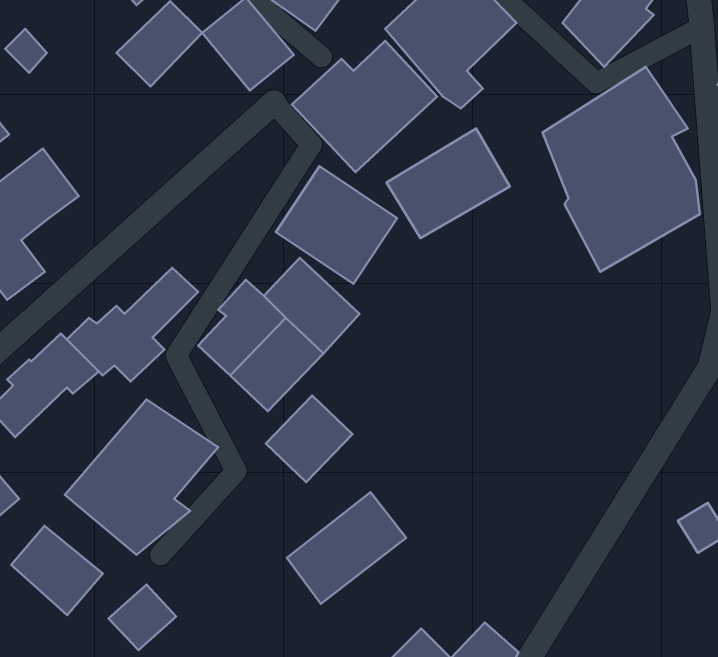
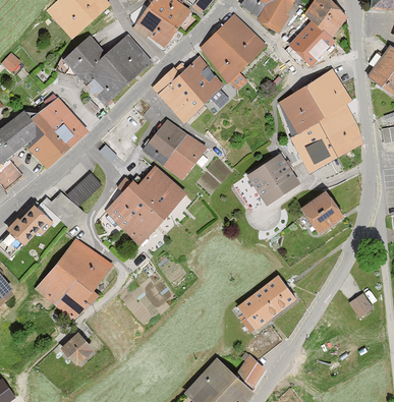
building: none -> [78,51,129,106]
building: none -> [23,97,89,169]
building: [387,129,510,238] -> [236,154,299,210]
building: none -> [297,190,342,234]
building: [266,396,352,482] -> none
building: [287,492,406,604] -> [235,274,296,331]
building: [11,526,103,615] -> none

